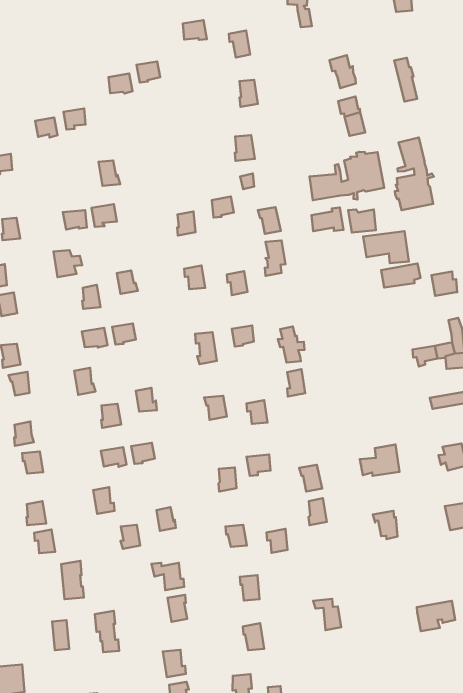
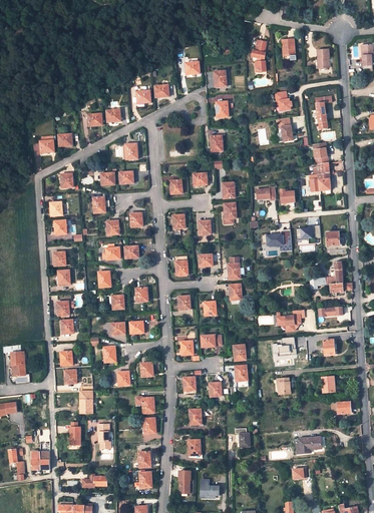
building: [310,152,384,200] -> none
building: [363,231,409,263] -> [264,231,291,250]
building: none -> [276,310,304,332]

